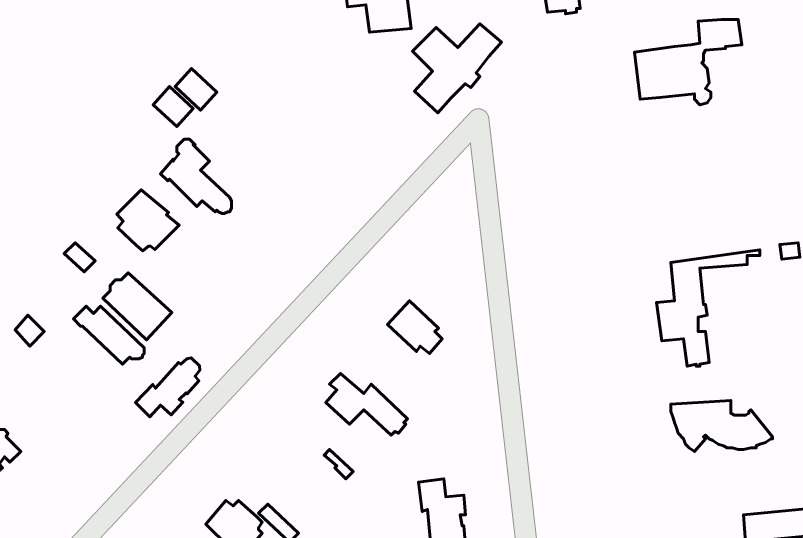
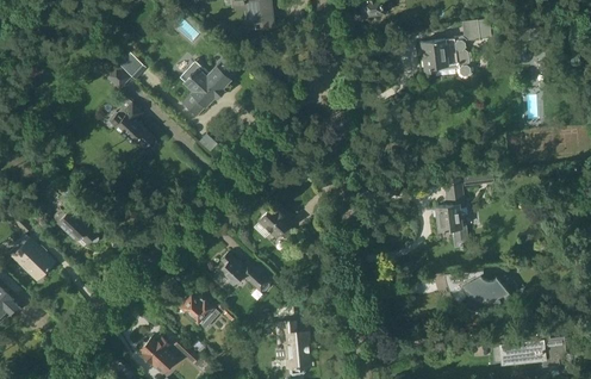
building: [413,24,502,113] -> [180,58,238,117]
building: [117,190,179,251] -> none
building: [103,273,172,340] -> [10,236,55,280]
building: [135,358,200,417] -> none
building: none -> [180,294,220,329]

